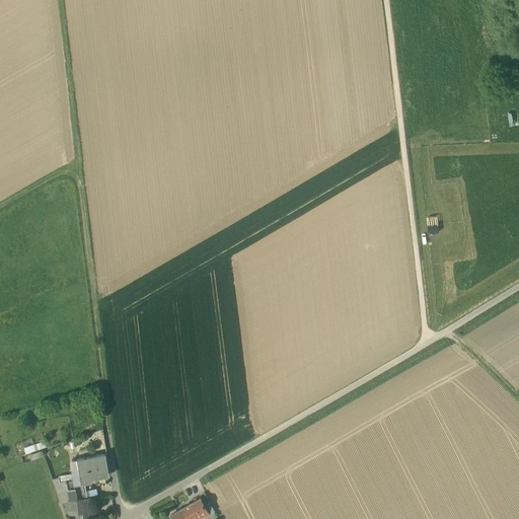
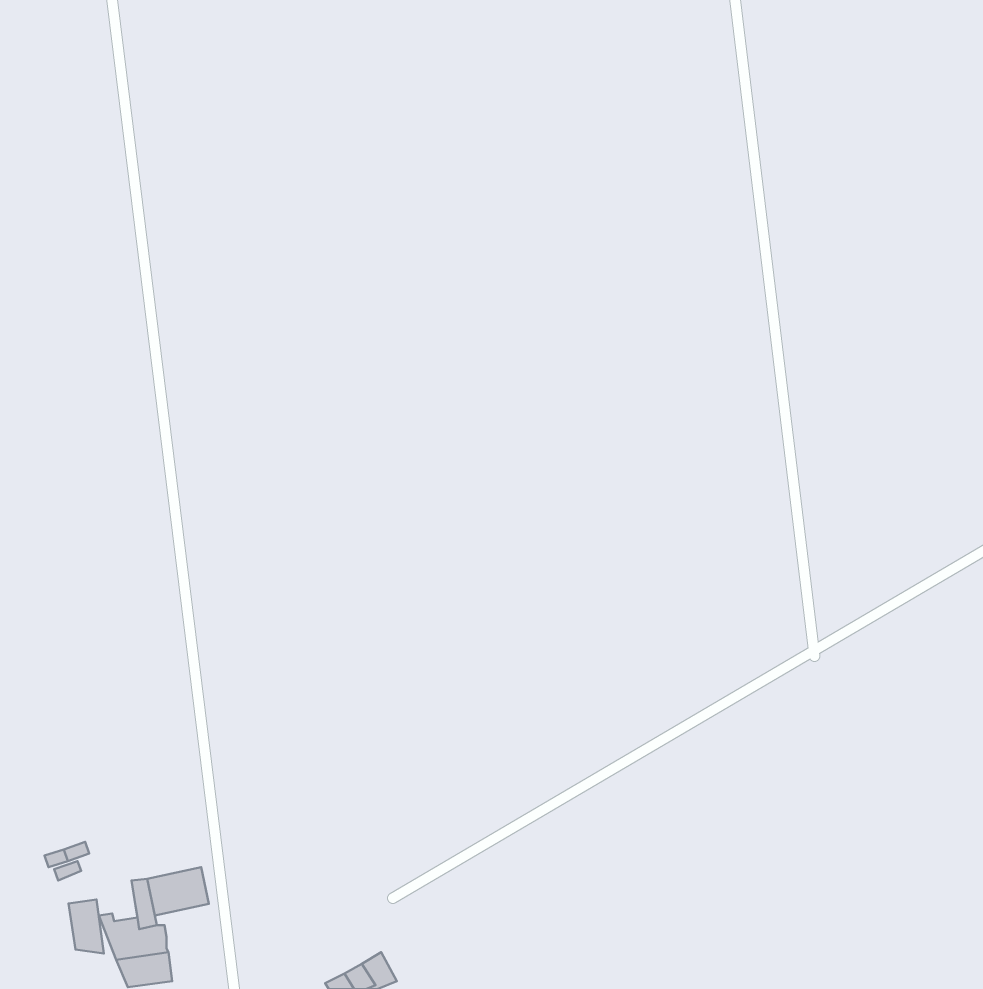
building: none -> [69,899,104,954]

